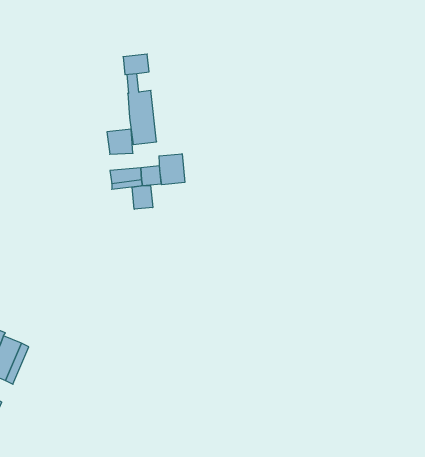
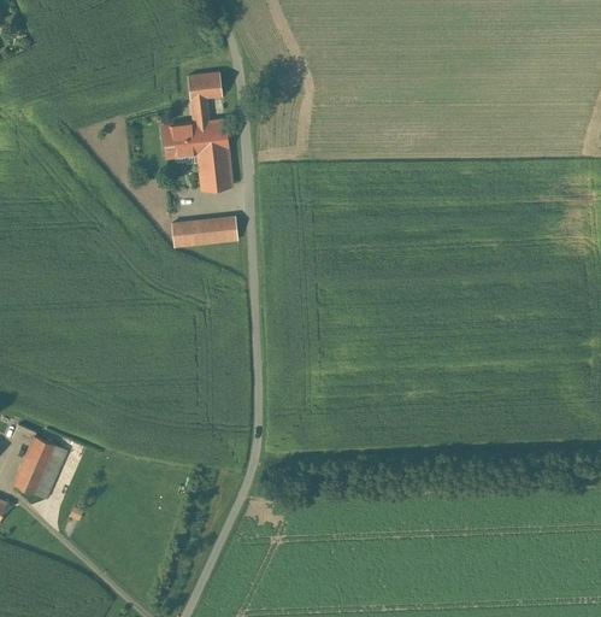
building: [107,129,133,154] -> [163,124,196,157]
building: [159,154,185,185] -> none
building: [132,186,153,209] -> none

